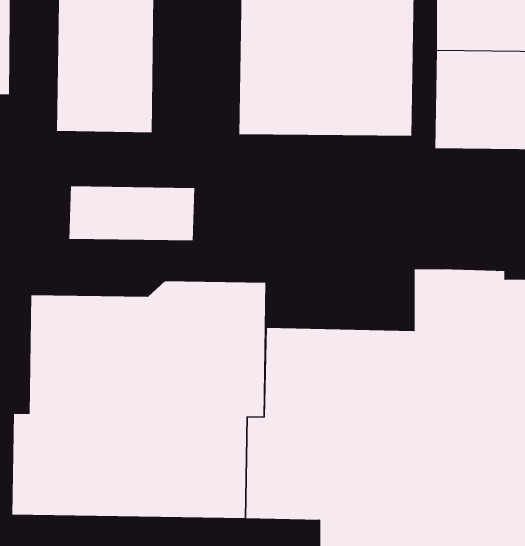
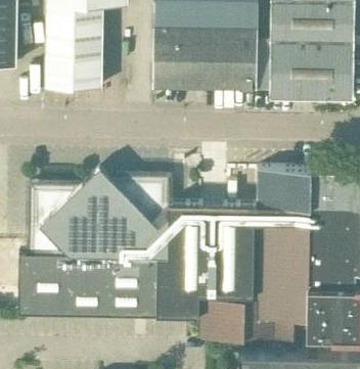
building: [69,186,195,241] -> none

